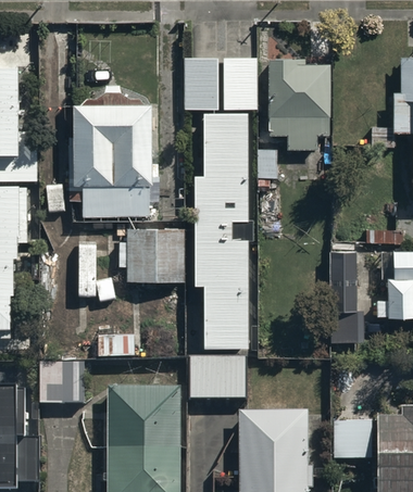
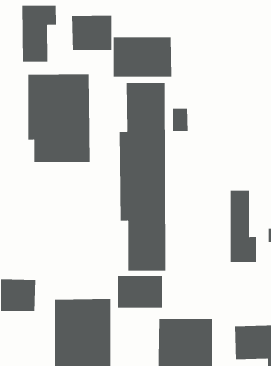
building: none -> [22,5,56,63]
building: none -> [71,15,112,51]
building: [267,60,329,151] -> none
building: [125,231,183,285] -> none

